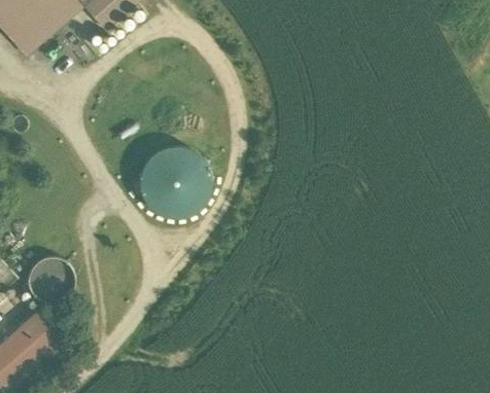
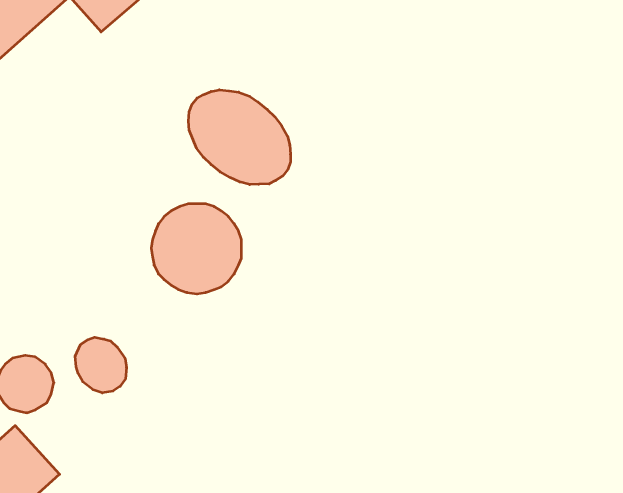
building: none -> [188,90,291,185]
building: none -> [75,337,126,393]

